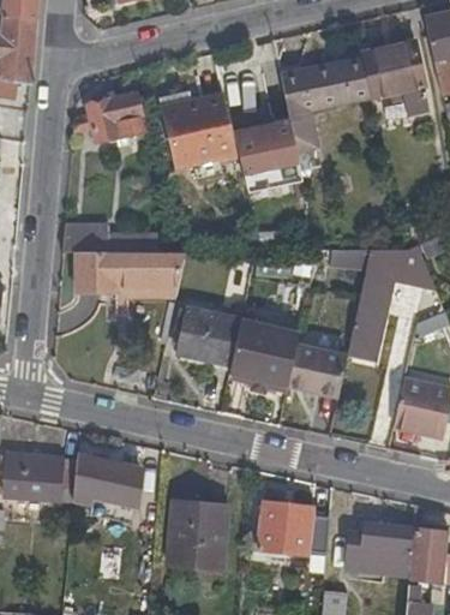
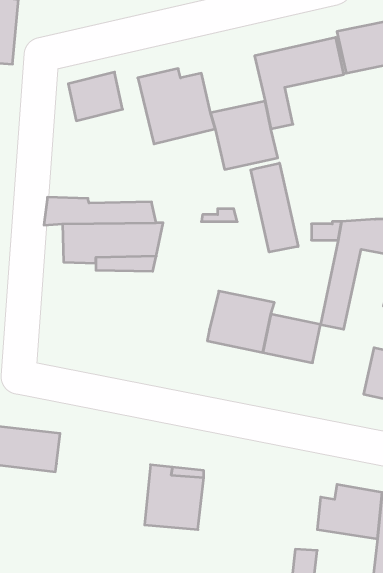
building: none -> [251,163,298,252]
building: [180,304,242,360] -> none
building: [74,456,143,506] -> none
building: [260,501,325,557] -> none

